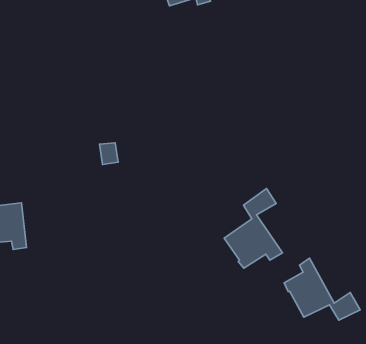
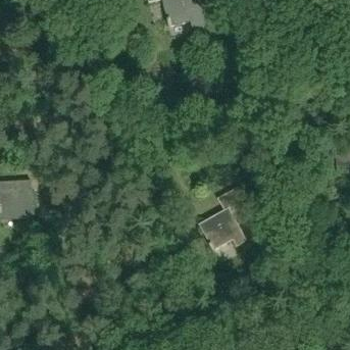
building: [284,258,360,320] -> none

